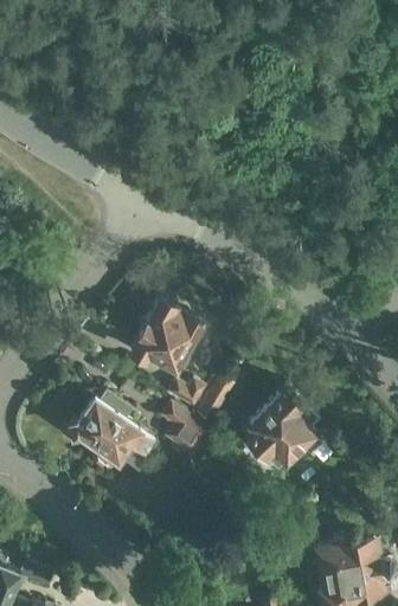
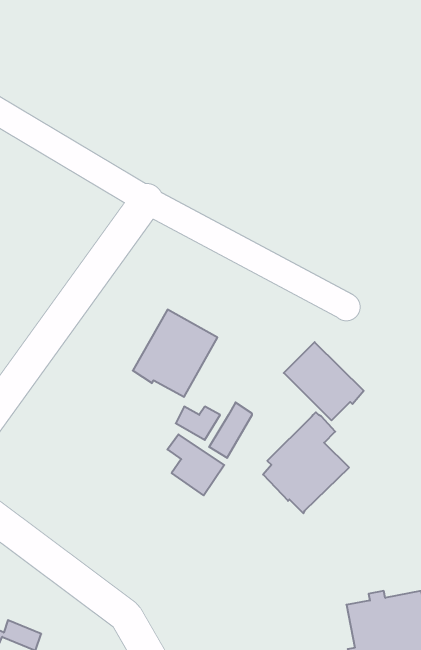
building: none -> [284,342,364,420]
building: [70,392,153,465] -> none

